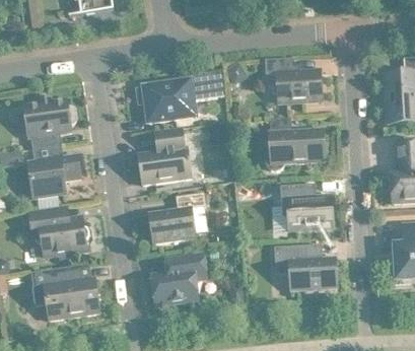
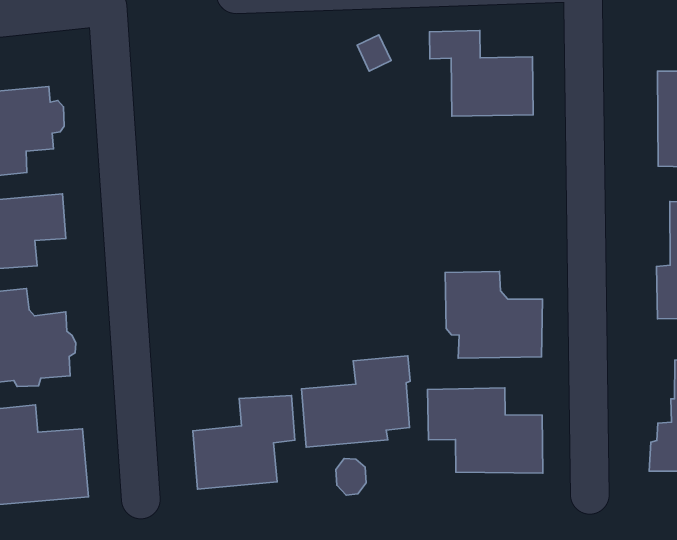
building: [135,69,224,122] -> none
building: [264,117,325,169] -> none
building: [138,127,190,184] -> none
building: [148,192,206,242] -> [301,356,410,447]

